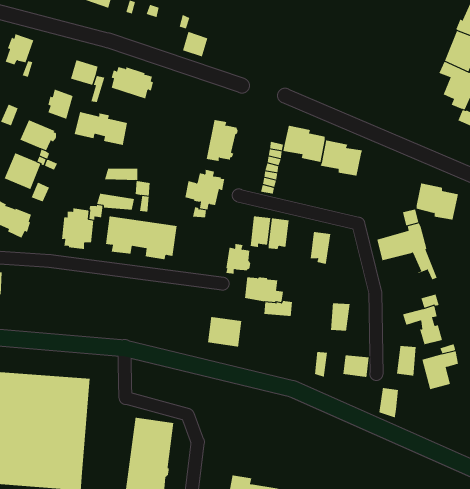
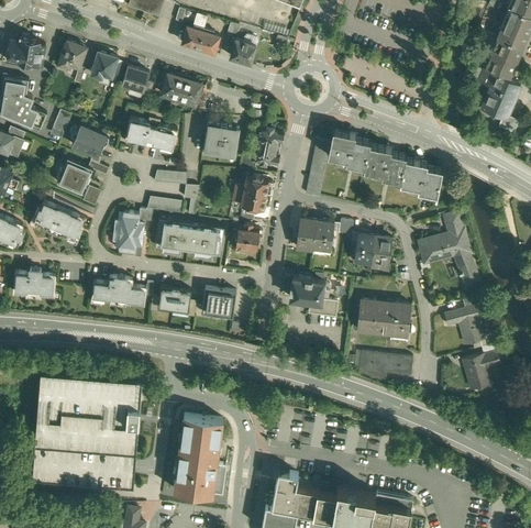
building: none -> [181,25,219,53]
building: [48,89,73,119] -> [91,52,117,81]
building: none -> [202,123,240,156]
building: [416,183,459,220] -> [400,158,442,195]
building: none -> [370,237,391,268]
building: [225,244,251,274] -> [235,223,261,253]
building: none -> [91,276,146,305]
building: none -> [157,284,190,309]
building: none -> [356,299,377,330]
building: [207,316,242,347] -> [200,288,234,318]
building: [396,346,417,376] -> [390,304,410,333]
building: [379,388,399,418] -> [368,352,388,382]

